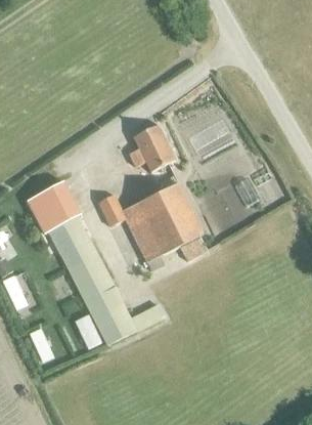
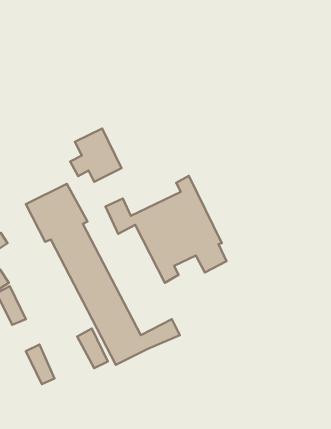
building: [129,123,175,171] -> [70,128,122,182]

